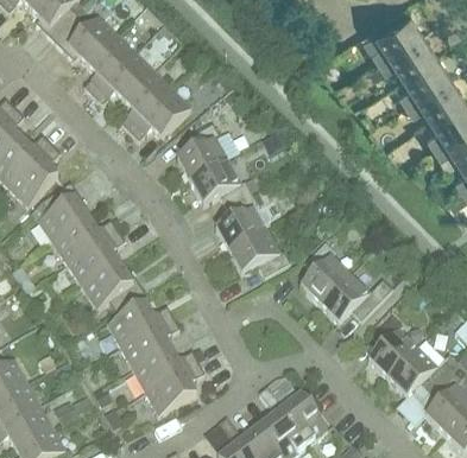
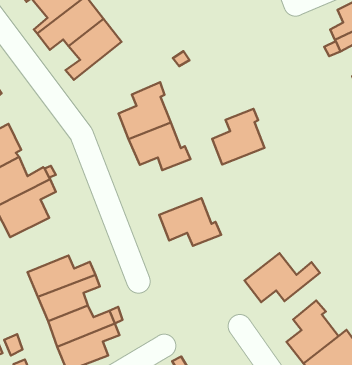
building: [128,88,191,140] -> none
building: [215,193,267,252] -> [212,109,265,164]
building: [301,243,351,305] -> none
building: [86,268,145,313] -> none

